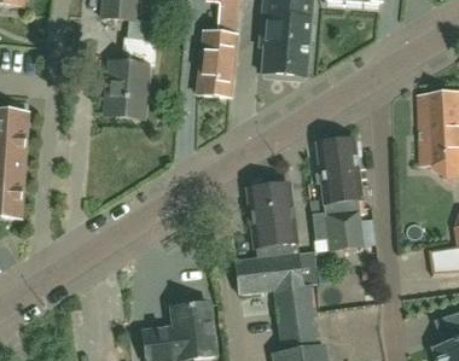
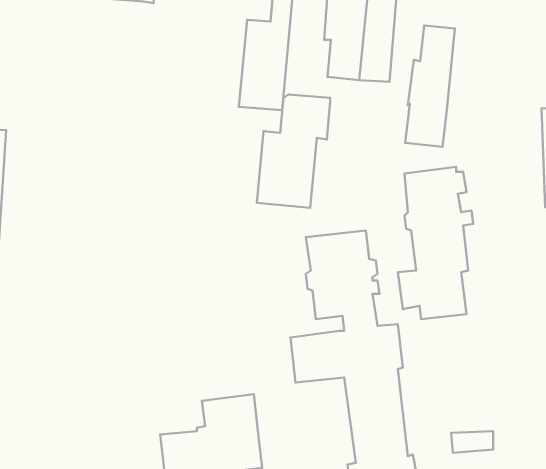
building: [105,34,158,116] -> [257,94,330,208]
building: none -> [405,26,455,147]

